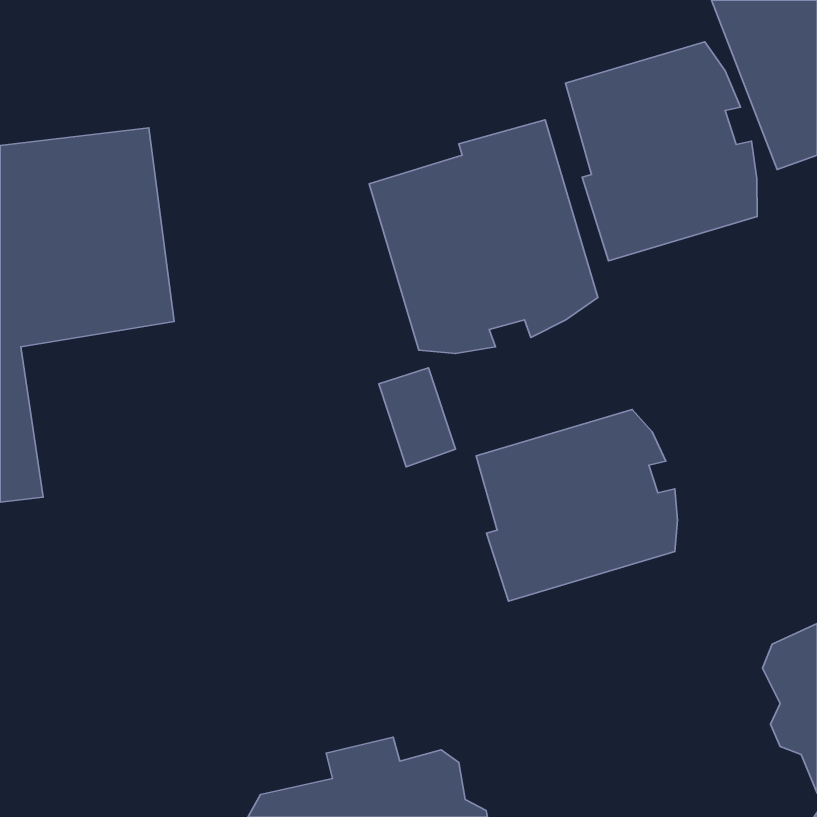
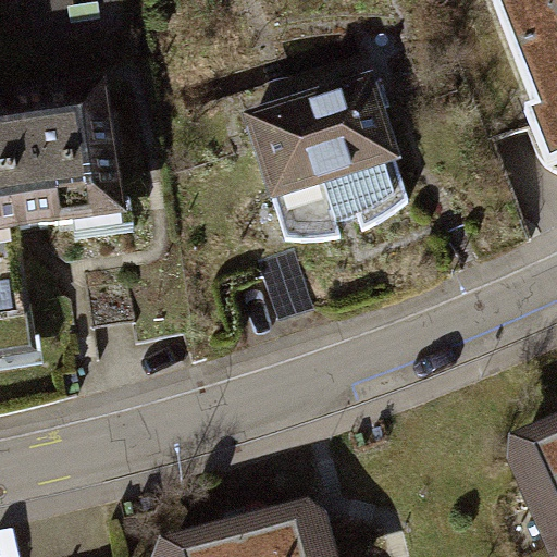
building: [565,42,757,261] -> none
building: [476,409,678,601] -> none

